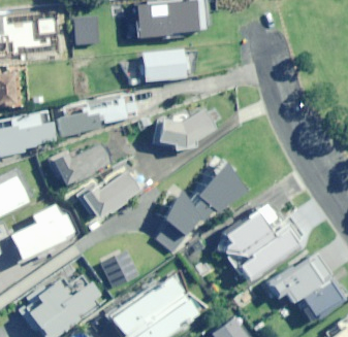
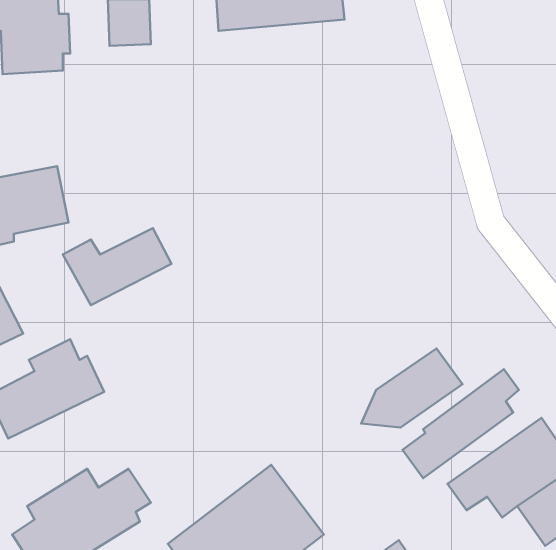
building: [128,49,197,82] -> none
building: [58,93,138,136] -> none
building: [153,107,214,150] -> none
building: [157,164,245,251] -> none
building: [77,170,140,222] -> none
building: [101,249,139,288] -> none

